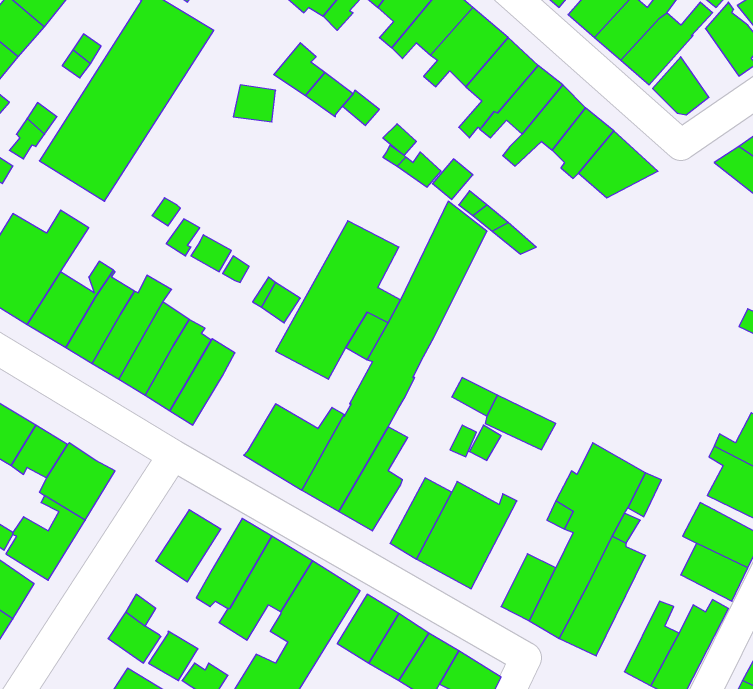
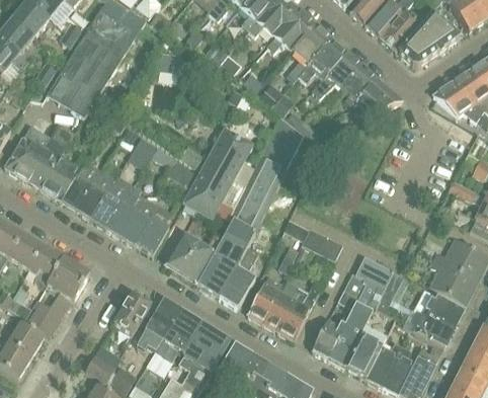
building: none -> [414,17,448,57]
building: none -> [134,204,172,255]
building: none -> [365,320,402,387]

